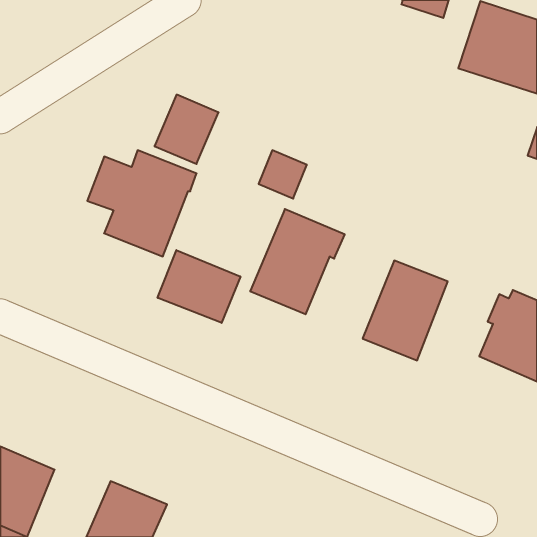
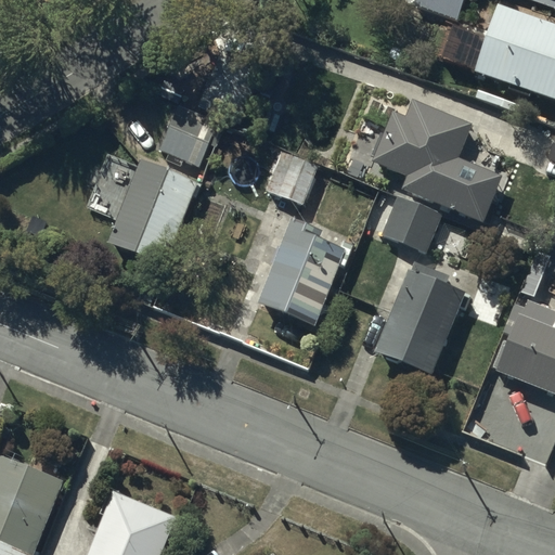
building: none -> [371,96,502,222]
building: none -> [379,194,442,254]
building: [158,250,240,323] -> none

